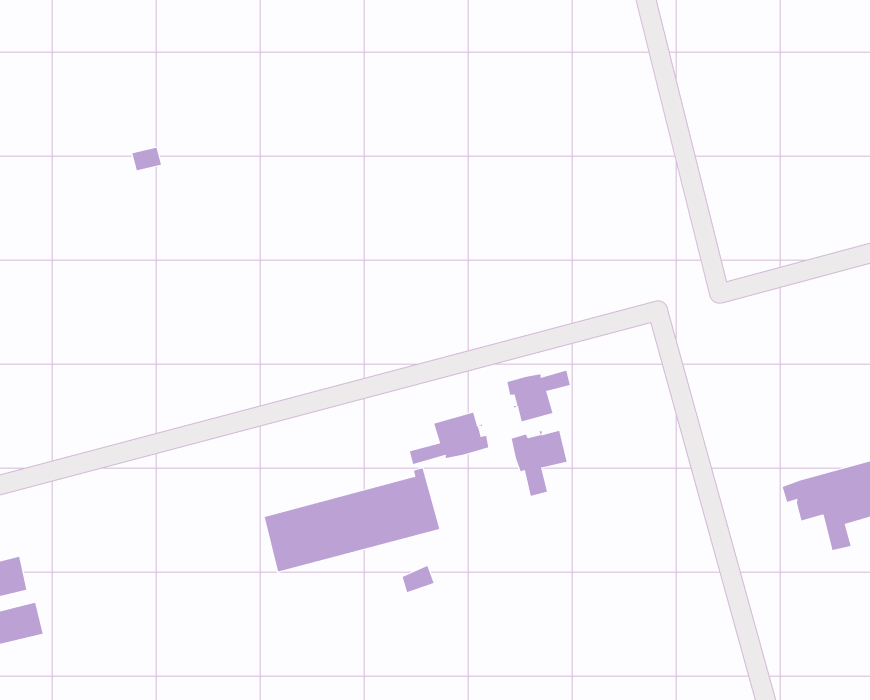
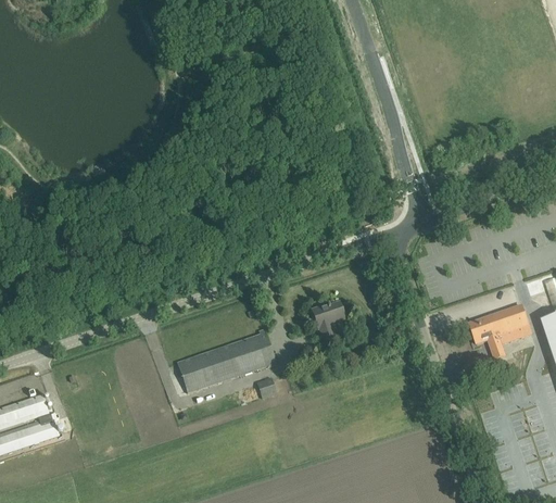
building: [507,370,571,422] -> none
building: [409,412,489,465] -> none

